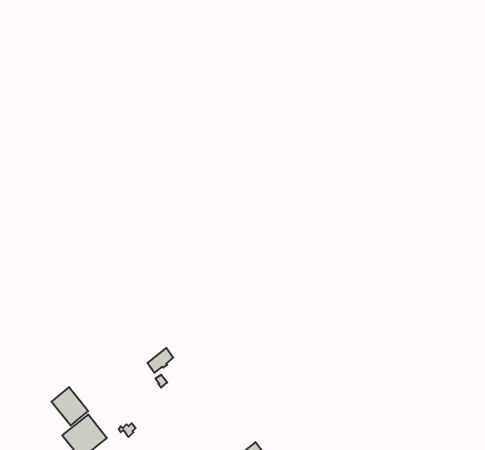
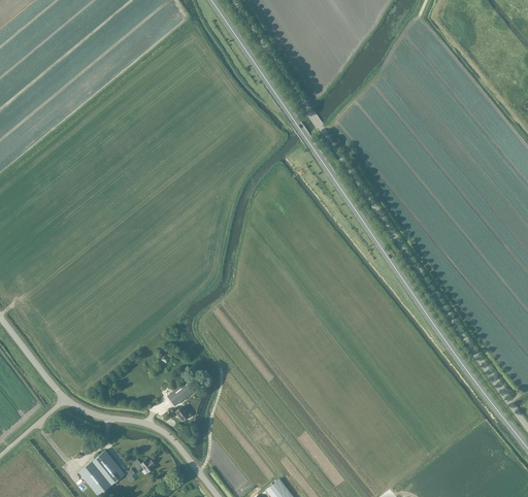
building: [51,387,88,426] -> none

